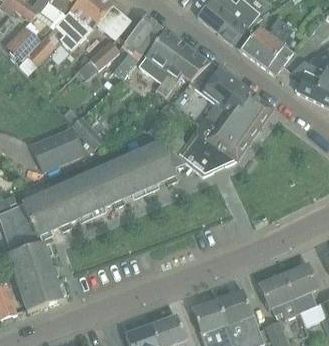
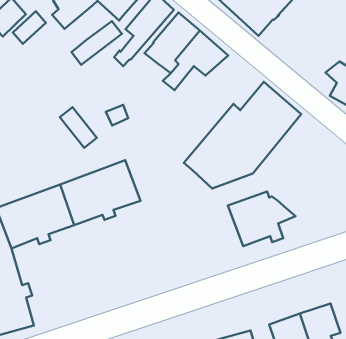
building: [240,16,294,74] -> none
building: [189,60,240,107] -> none
building: [32,127,81,169] -> none
building: [129,141,186,188] -> [228,191,296,246]

